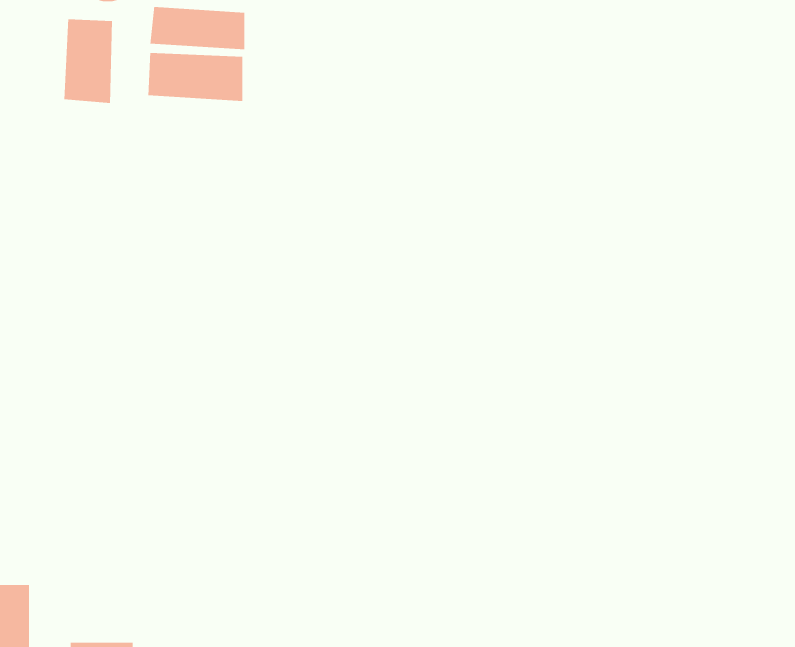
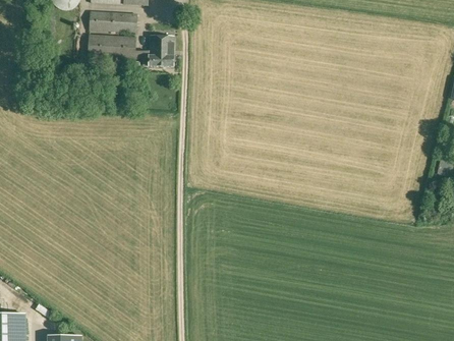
building: [63,19,113,104] -> none
building: none -> [144,36,174,67]

